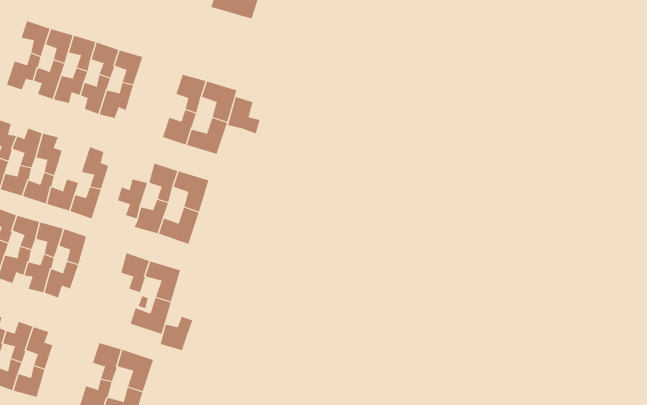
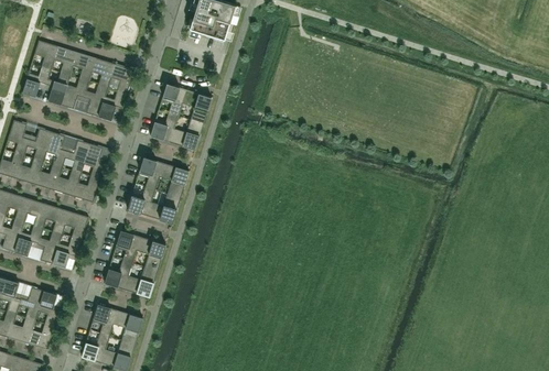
building: [228,96,260,134] -> none
building: [117,179,148,219] -> [64,141,89,174]
building: [160,316,193,351] -> [104,261,131,290]

